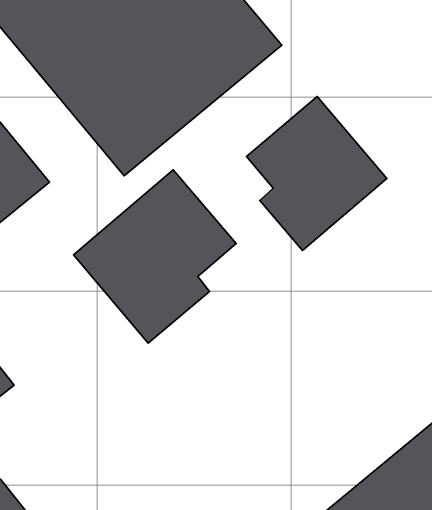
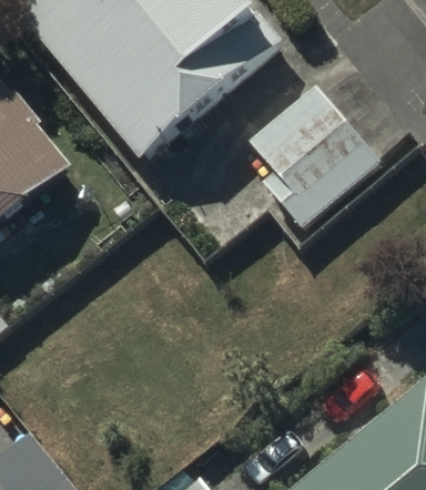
building: [73,170,236,343] -> none

